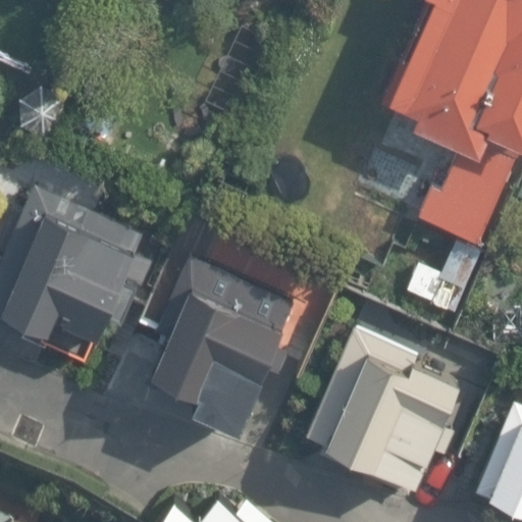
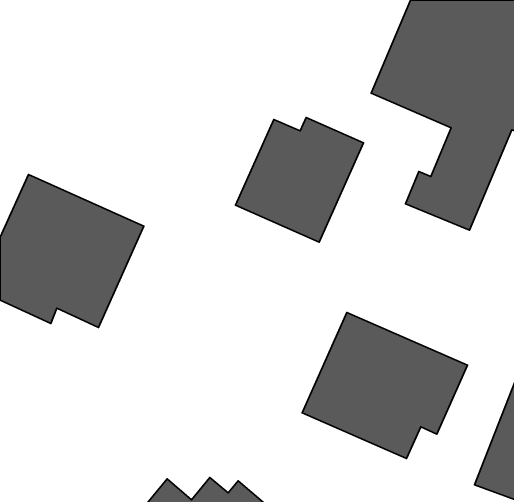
building: none -> [235,118,364,242]
building: [137,261,299,434] -> none

